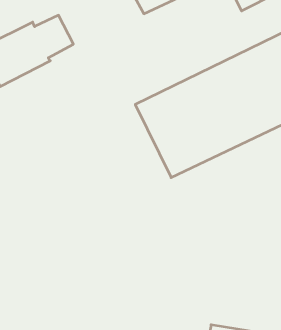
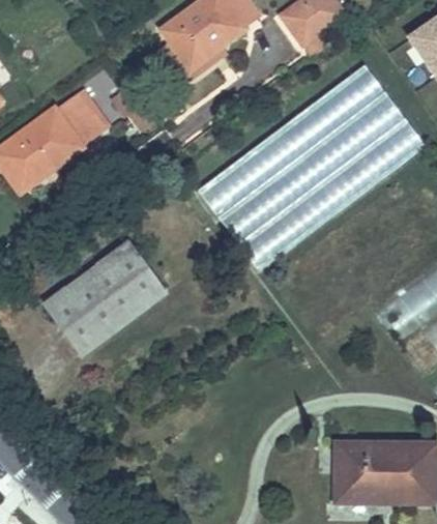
building: none -> [54,241,176,355]

